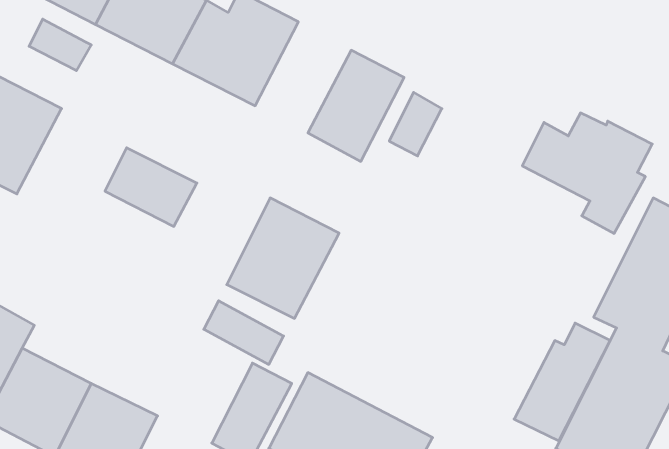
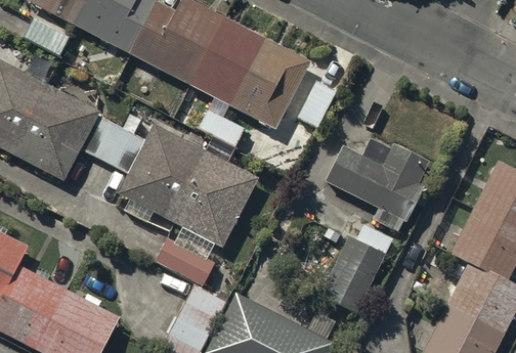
building: none -> [197,26,269,109]
building: none -> [16,91,101,182]
building: [522,113,652,233] -> [328,134,426,225]
building: none -> [126,134,208,224]
building: [514,323,610,441] -> [319,221,392,310]

